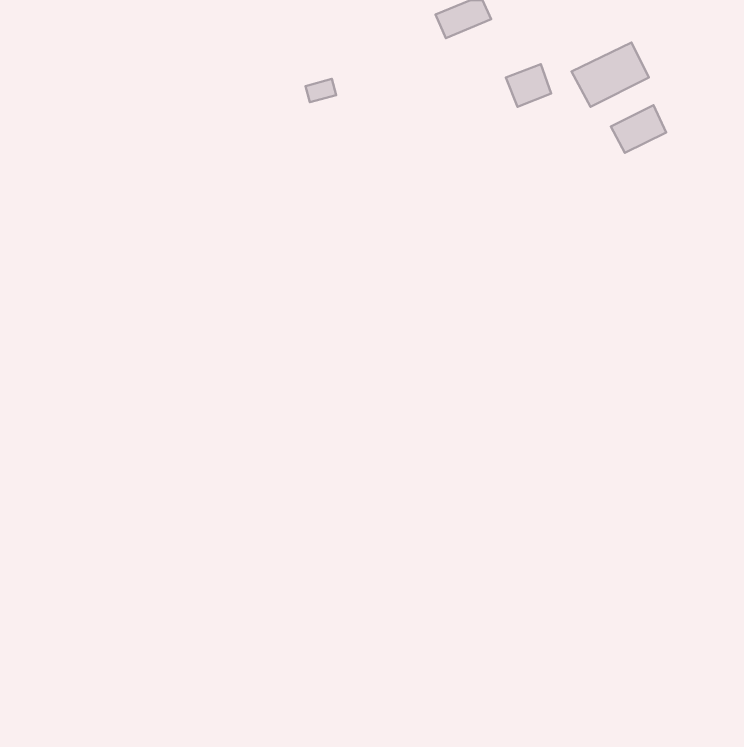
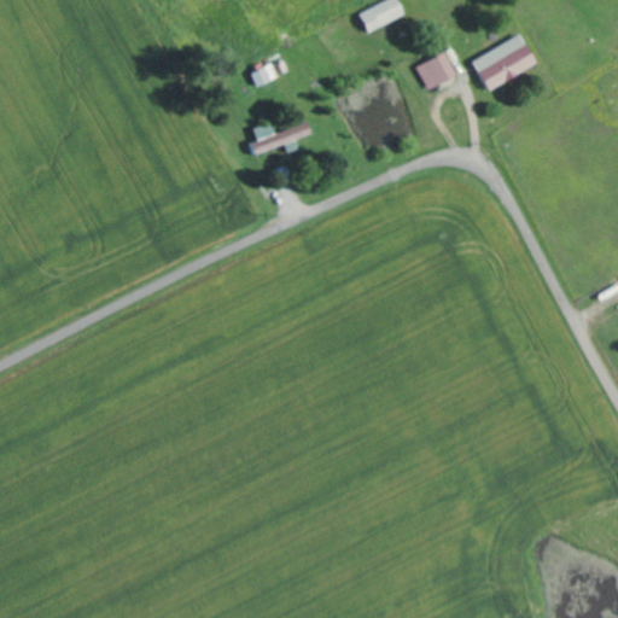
building: [611,105,666,153] -> none
building: none -> [251,122,311,153]

